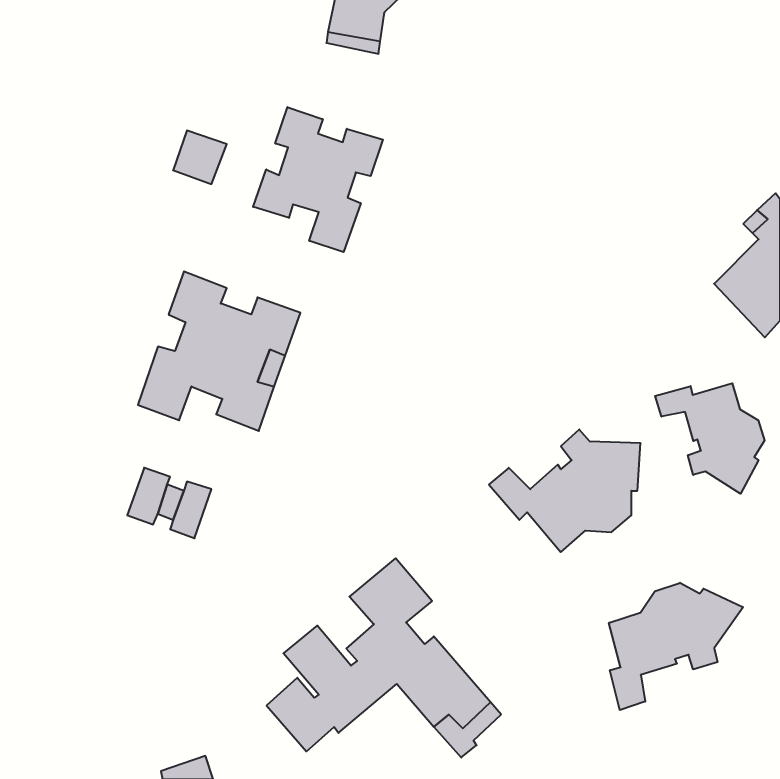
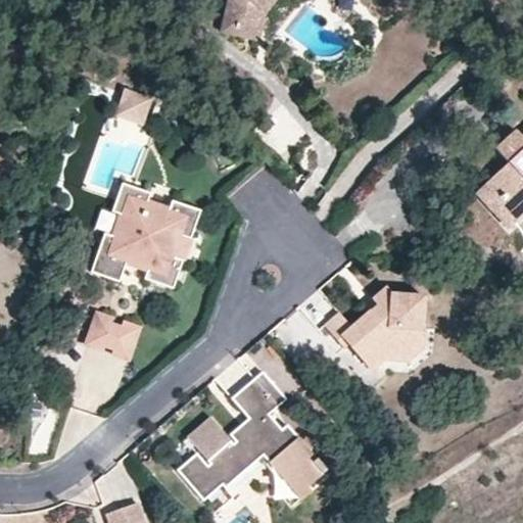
building: [253,107,383,252] -> none
building: [655,383,765,494] -> none
building: [609,583,743,710] -> none

